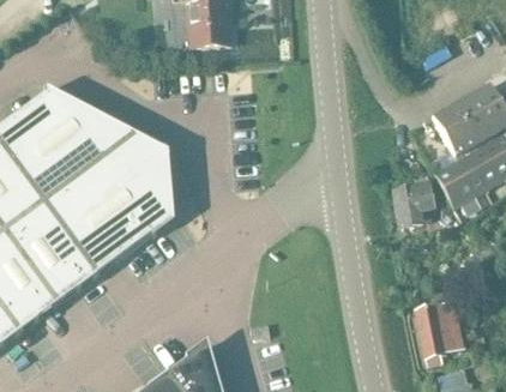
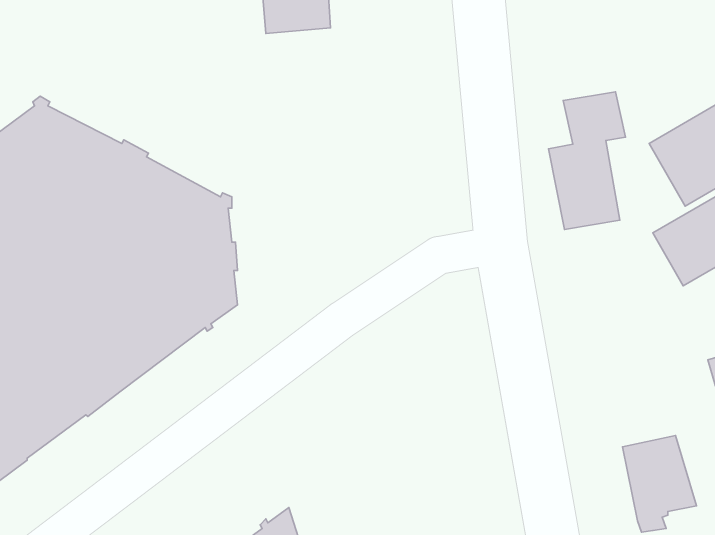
building: none -> [548,92,626,230]
building: [393,180,434,222] -> none

